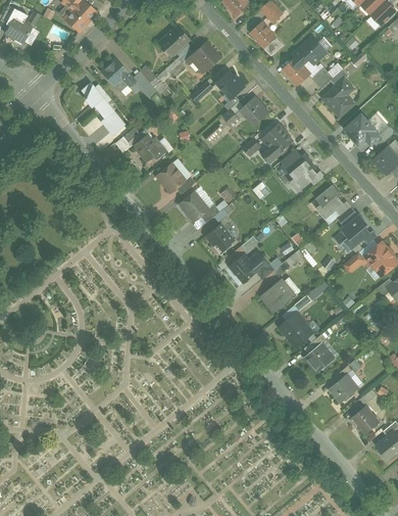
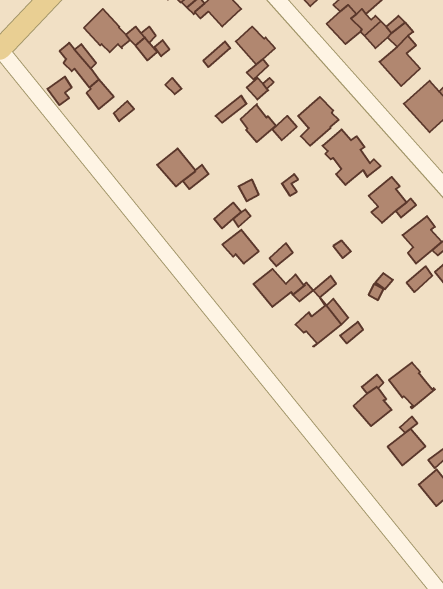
building: [242,97,268,126] -> [241,104,276,142]
building: [134,135,166,161] -> none
building: [178,192,206,222] -> none
building: [278,313,312,347] -> [389,362,435,408]

